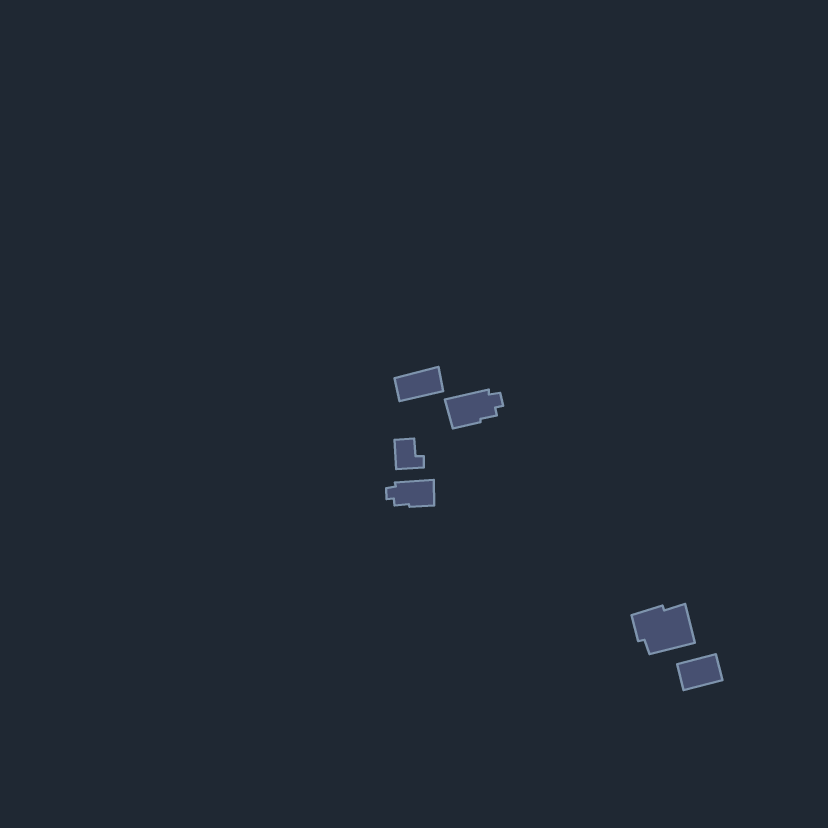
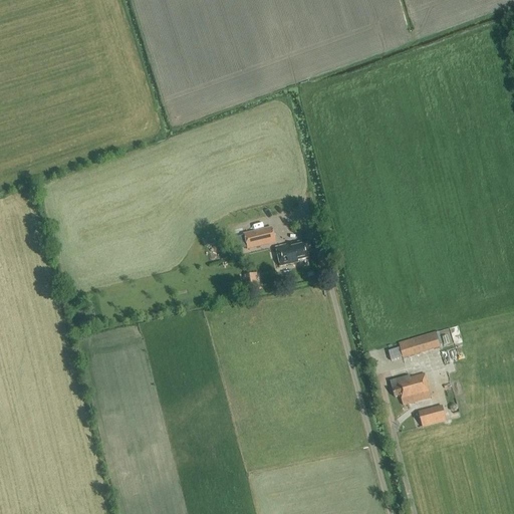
building: [386,480,434,507] -> none
building: none -> [400,331,441,357]

